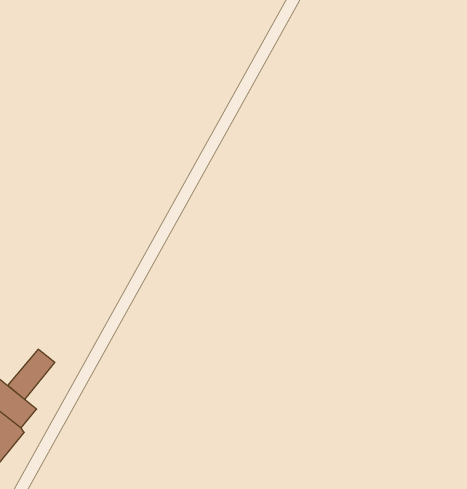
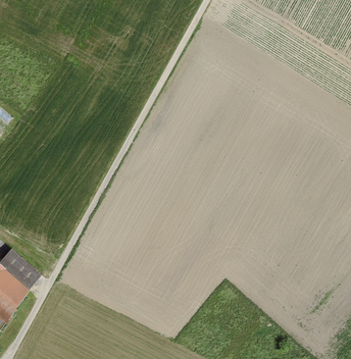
building: [8,349,55,400] -> none

